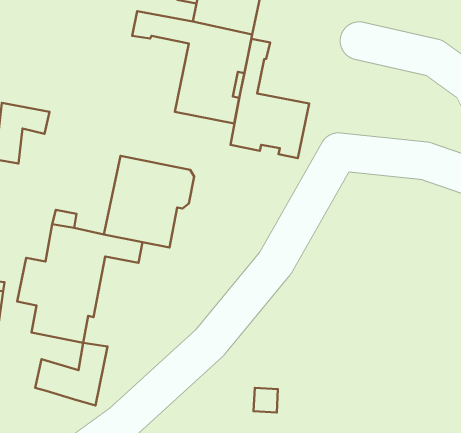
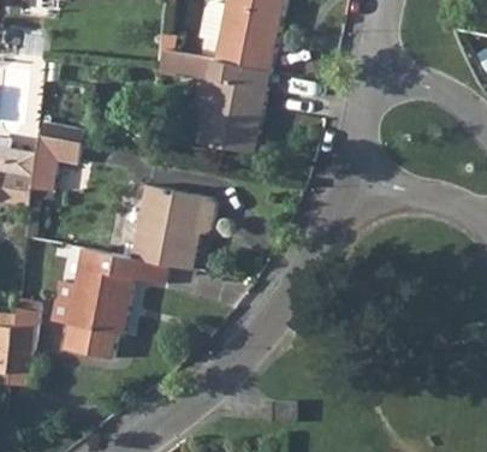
building: [231,39,309,158] -> none
building: [35,343,108,405] -> none

